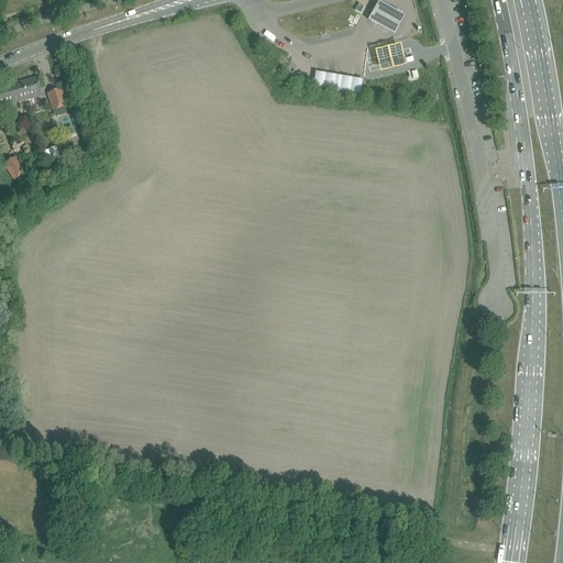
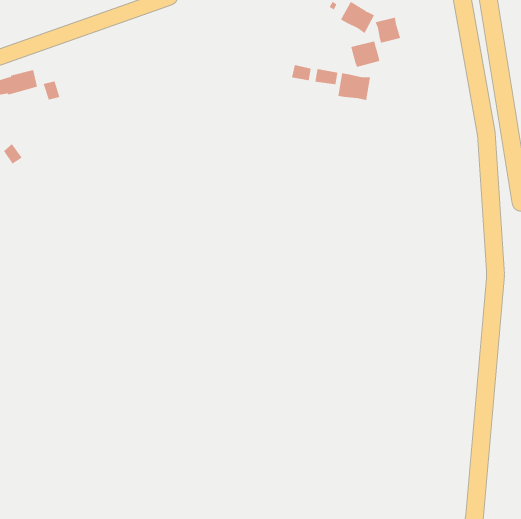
building: none -> [375,17,401,44]
building: none -> [338,73,371,101]

